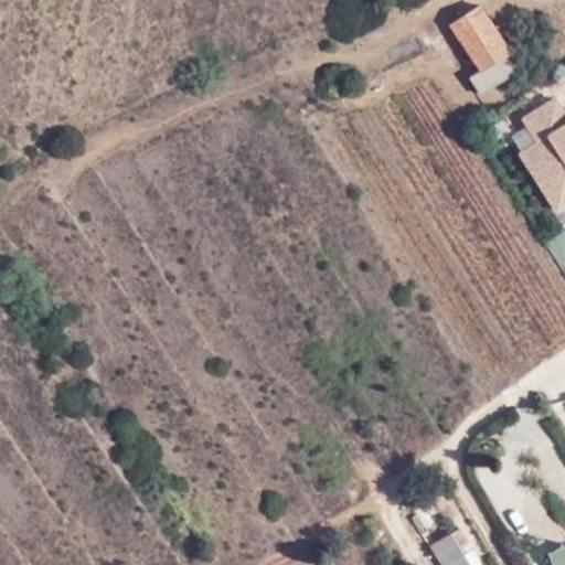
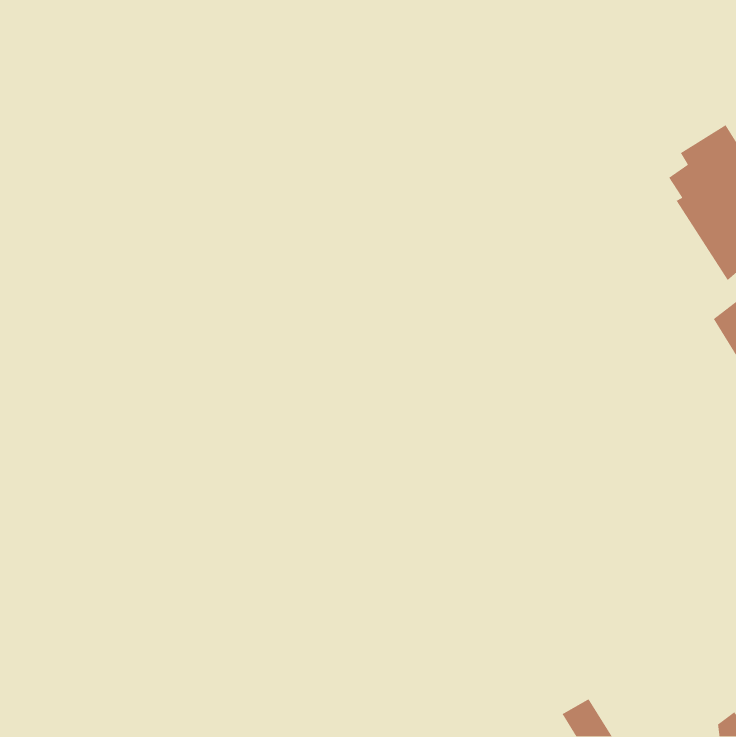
building: [452,6,520,93] -> none

